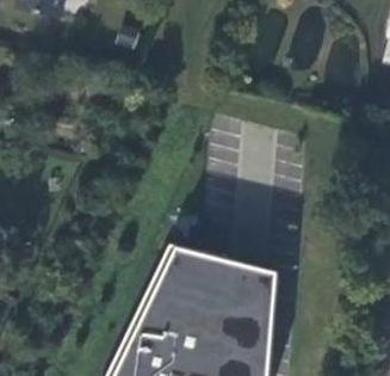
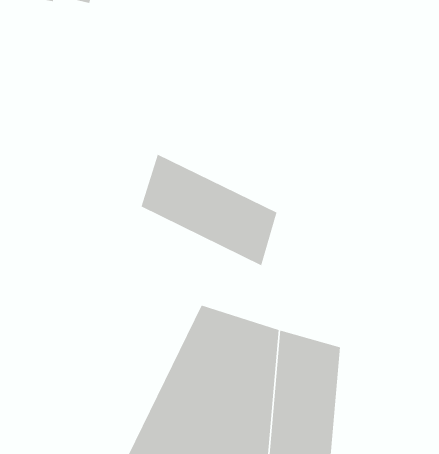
building: none -> [141,154,277,266]

